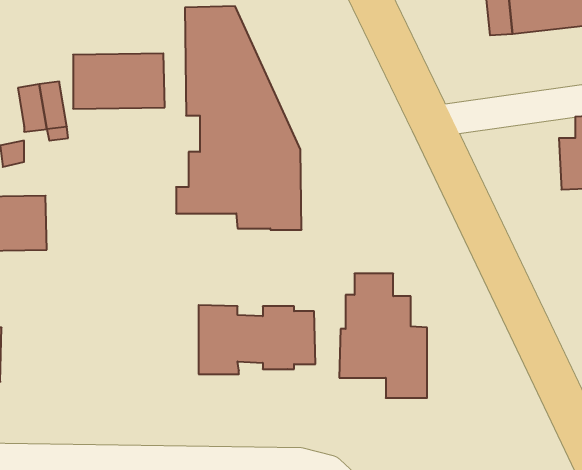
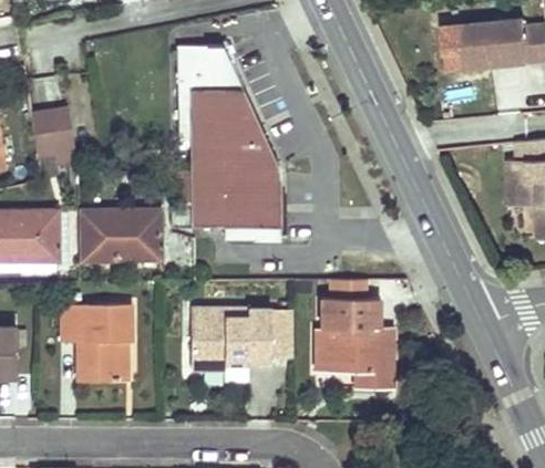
building: [73,53,165,109] -> [79,209,160,258]
building: none -> [59,303,131,379]

